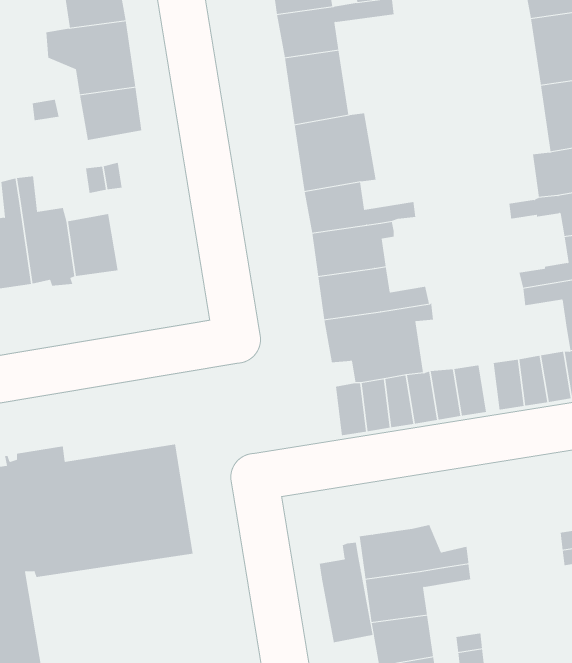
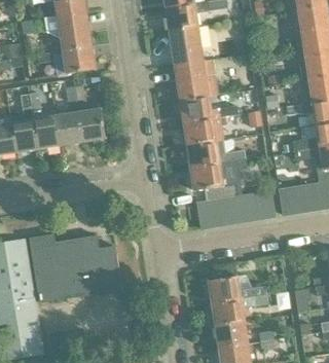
building: none -> [77,109,105,142]
building: [319,542,373,643] -> none

